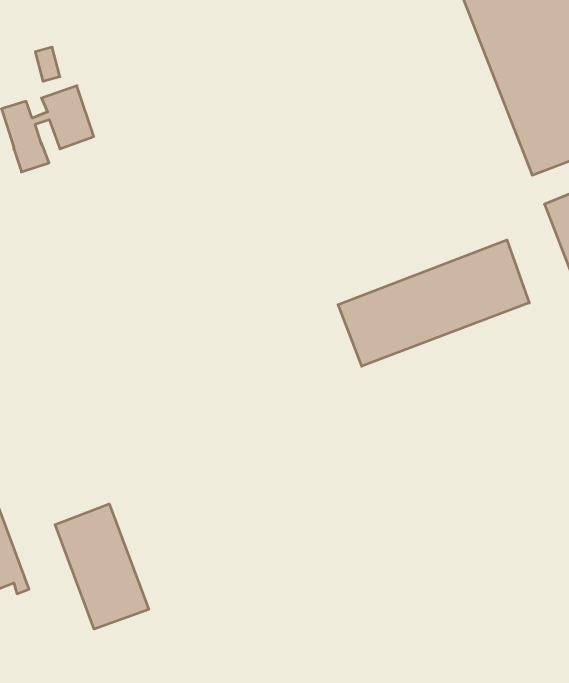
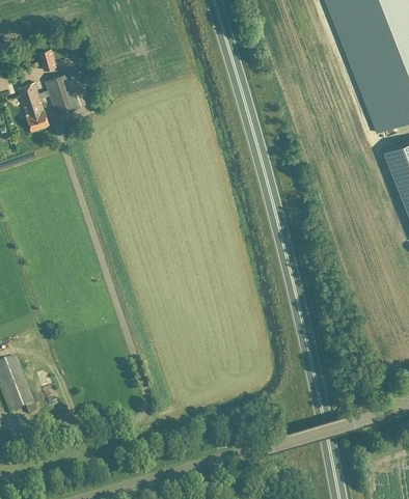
building: [338,240,529,366] -> none
building: [55,504,149,629] -> none

